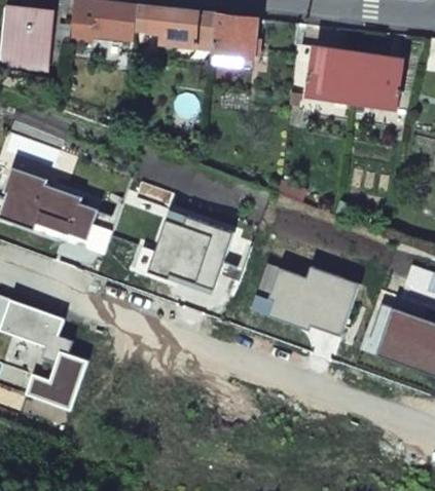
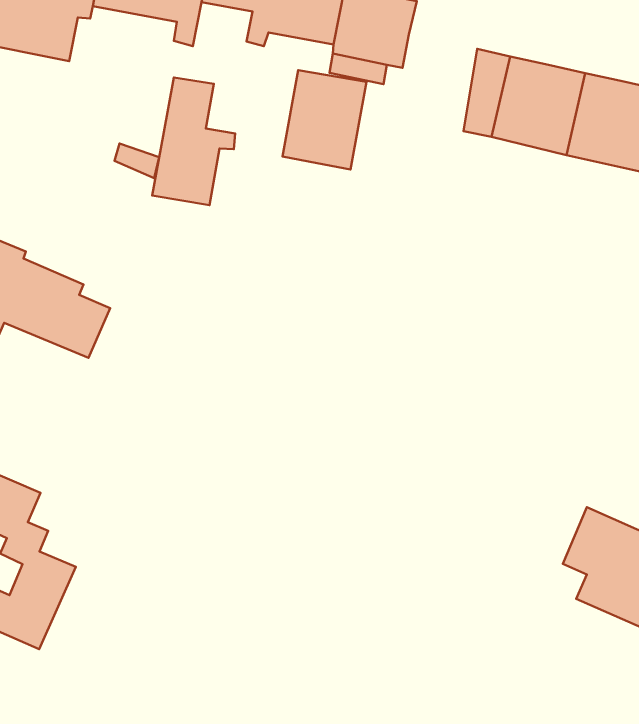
building: none -> [283,70,367,170]
building: none -> [152,78,235,205]
building: [146,217,231,289] -> none
building: [267,267,358,336] -> none

